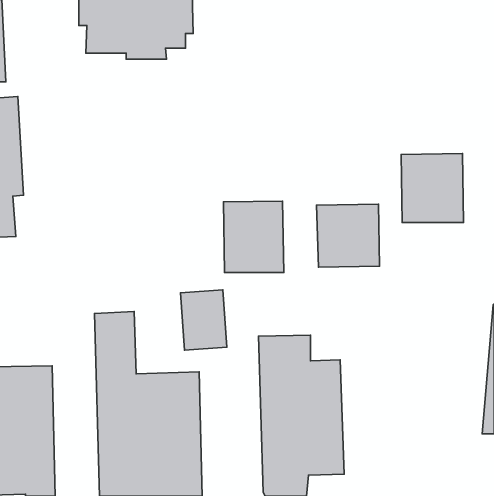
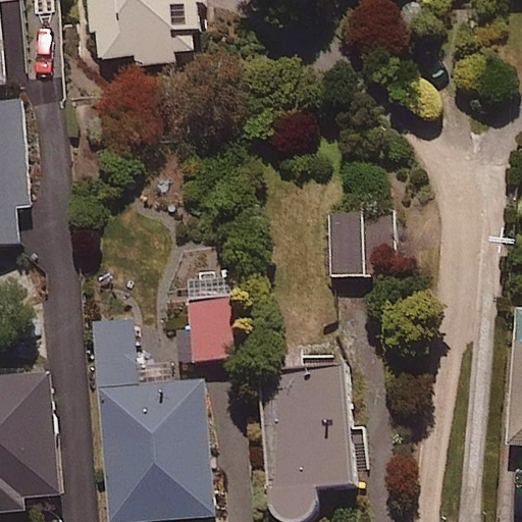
building: [401,154,464,223] -> none
building: [223,201,284,273] -> none

